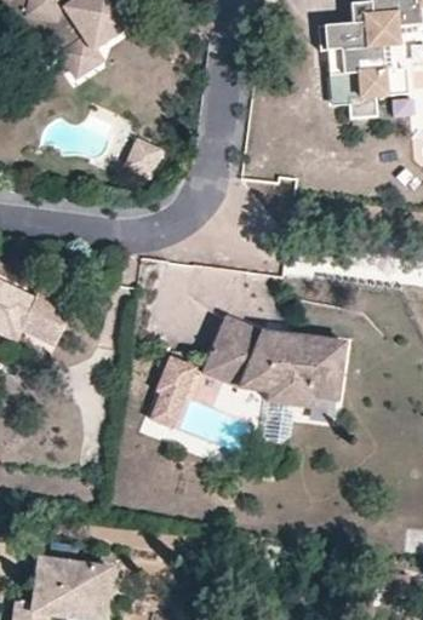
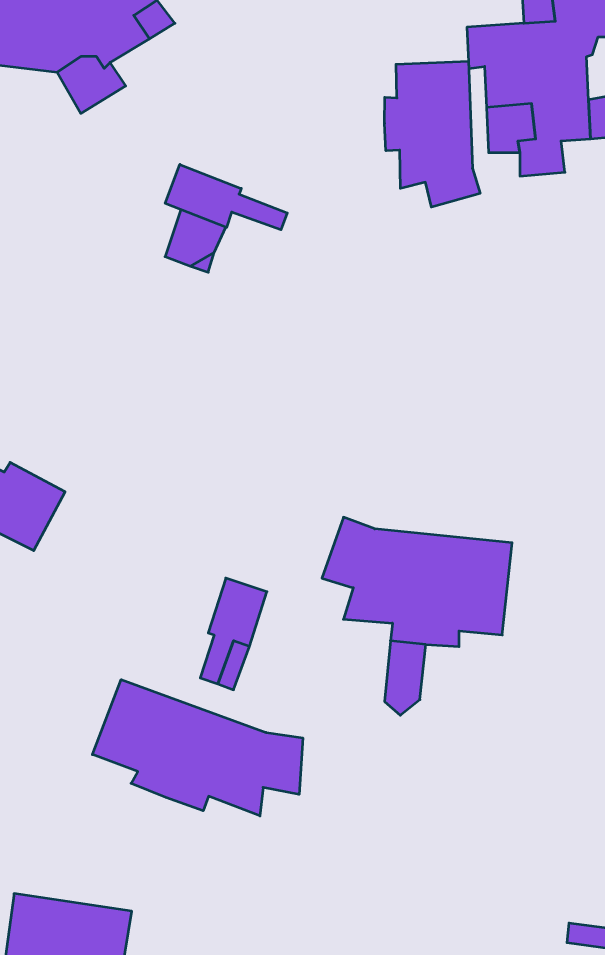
building: none -> [385,61,480,207]
building: none -> [165,164,287,230]
building: [205,318,248,388] -> none
building: none -> [92,680,303,816]

